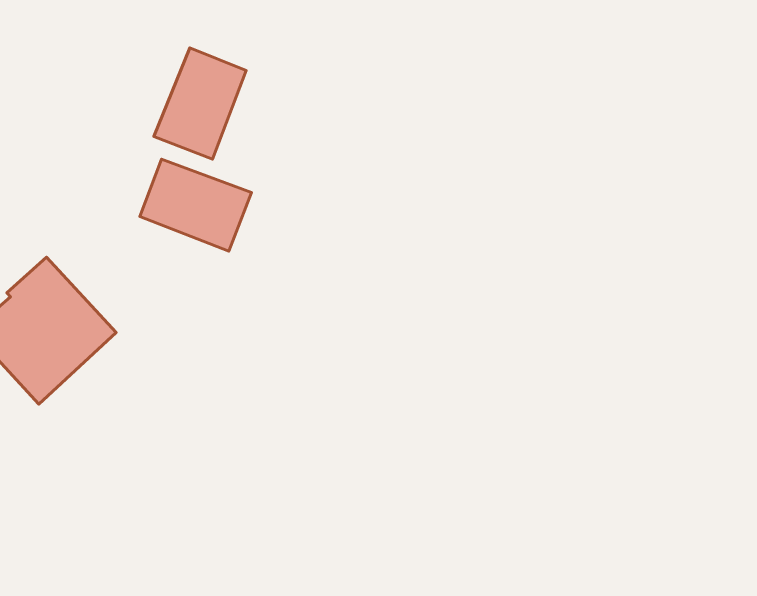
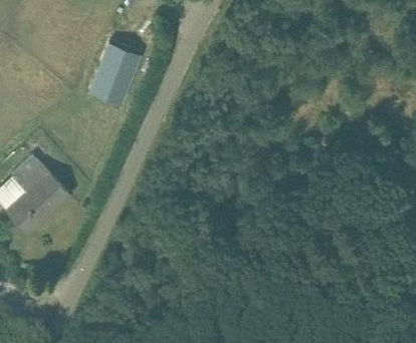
building: [140,159,251,251] -> none

